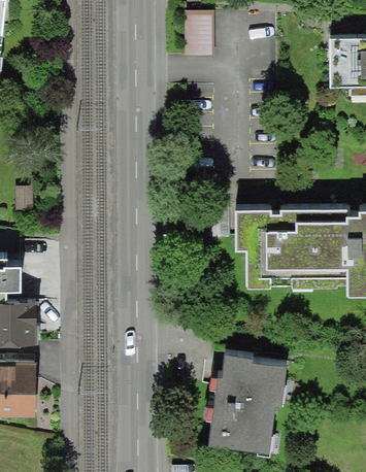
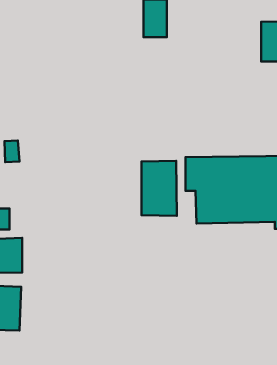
building: none -> [141,161,177,216]
building: [211,350,290,456] -> none

